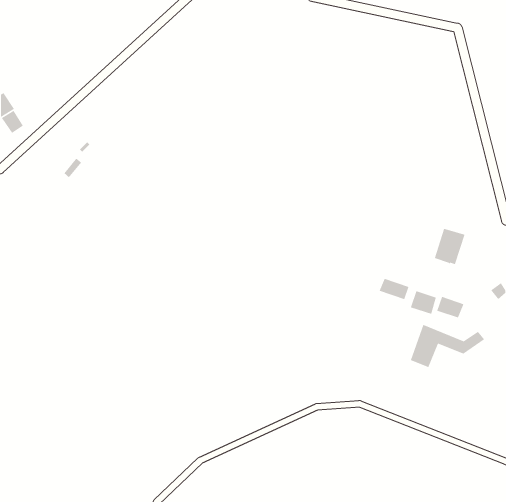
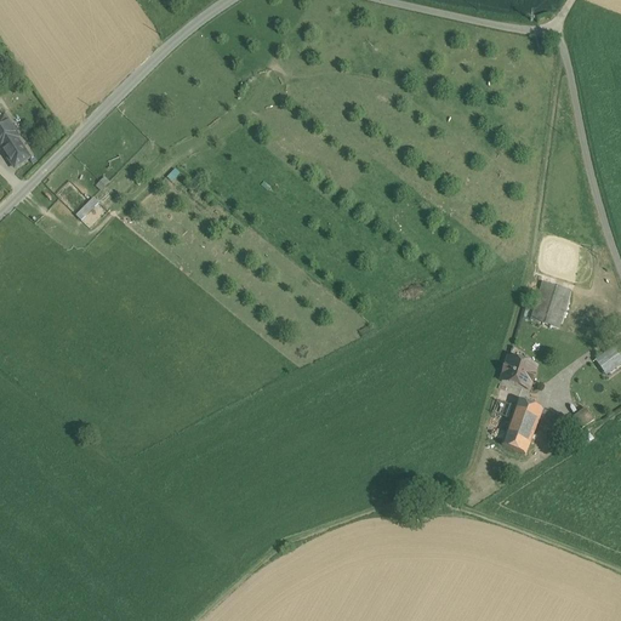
building: [379,278,410,300] -> none
building: [436,296,464,319] -> none

